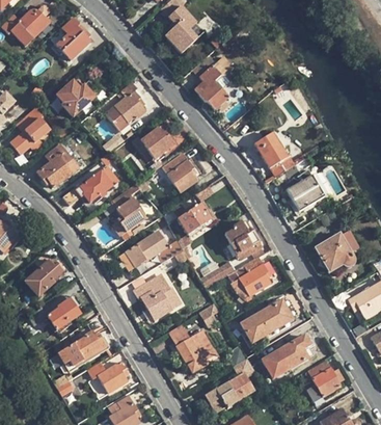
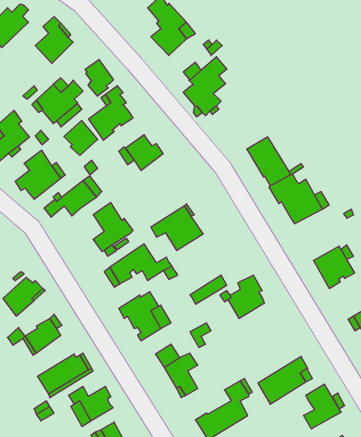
building: none -> [85,59,113,96]
building: none -> [64,121,98,155]
building: [162,152,198,193] -> none
building: [224,218,263,260] -> none
building: [241,299,294,342] -> none

